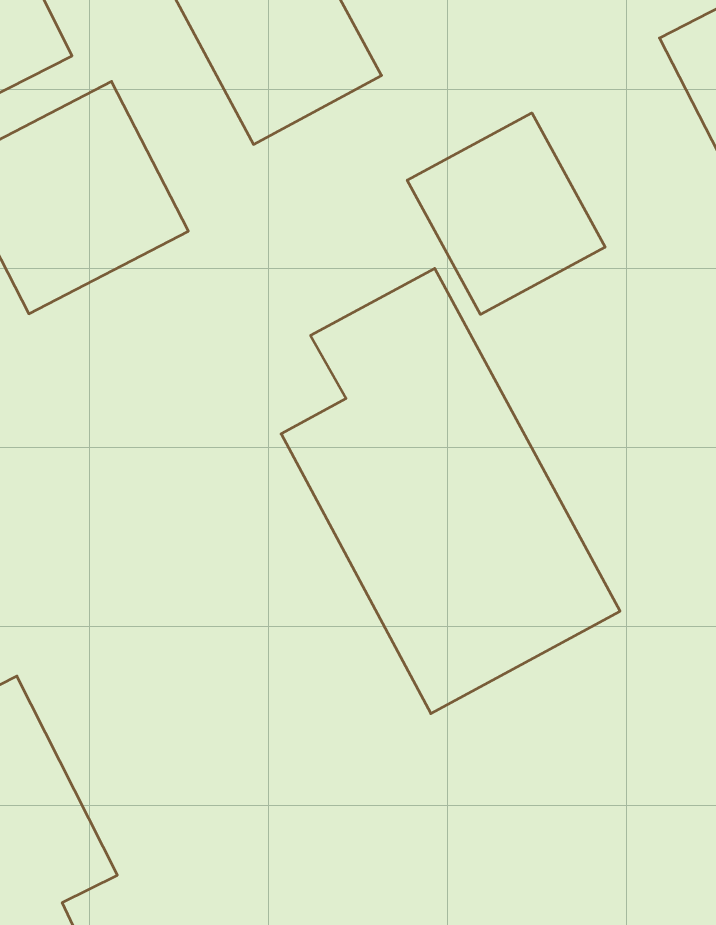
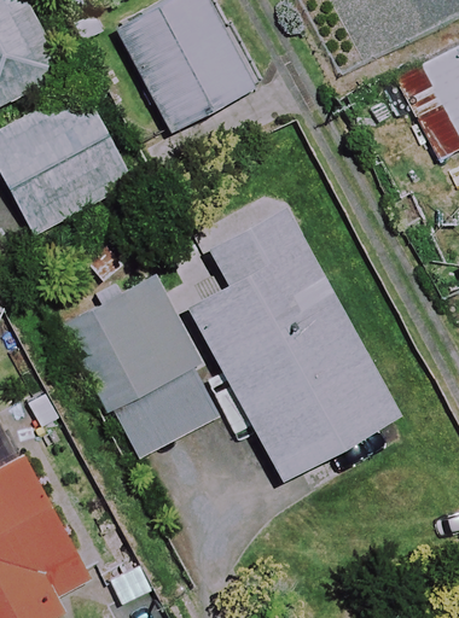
building: [407,113,605,314] -> none
building: none -> [63,274,222,460]

